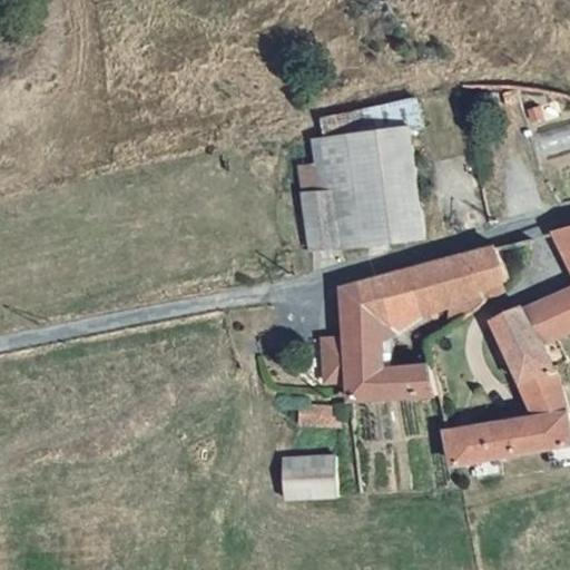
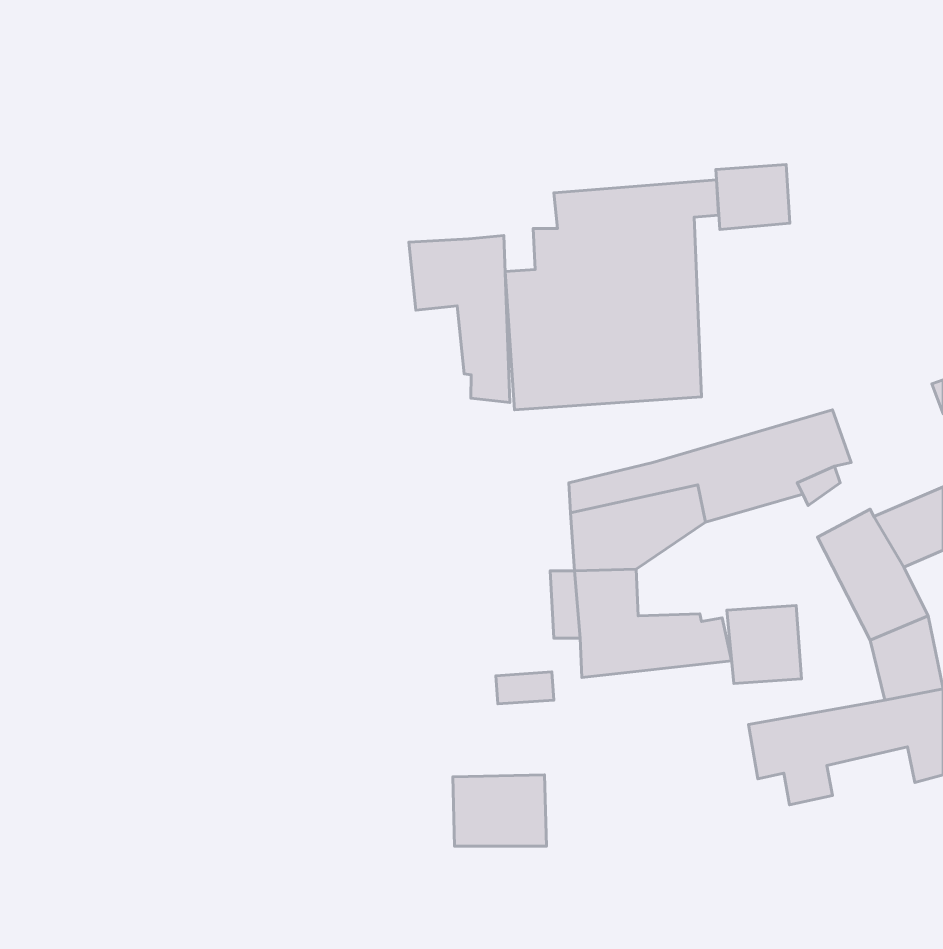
building: none -> [716,164,790,230]
building: none -> [409,235,510,402]
building: none -> [727,606,801,683]

